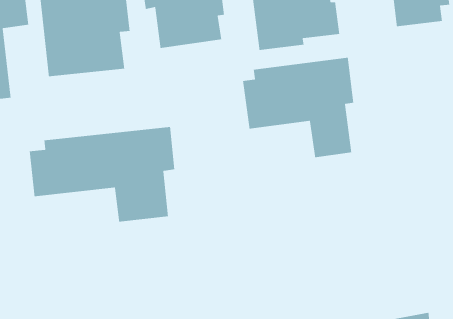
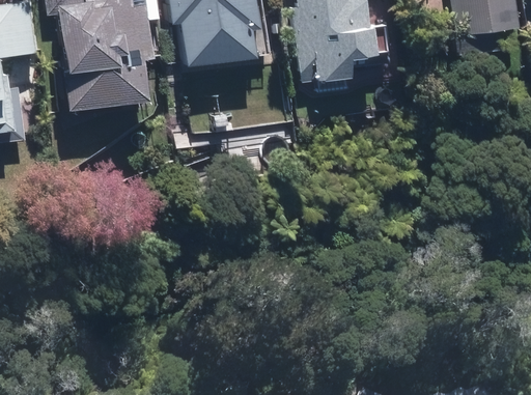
building: [242,57,354,158] -> none
building: [29,126,175,223] -> none

